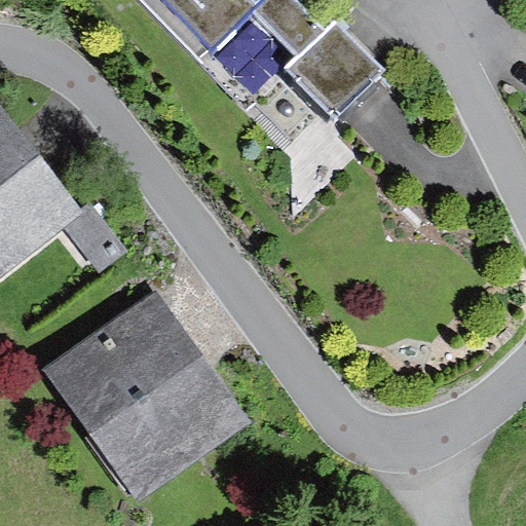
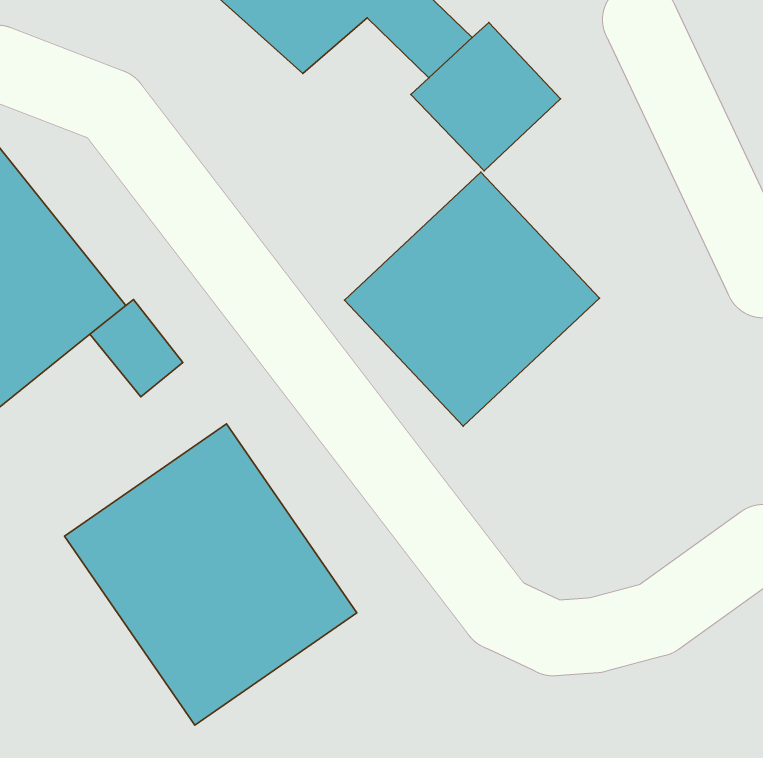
building: none -> [344,172,600,426]

